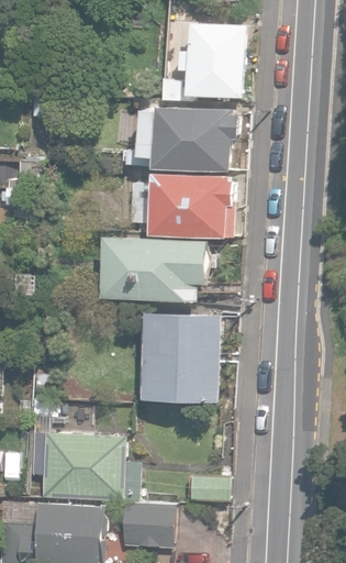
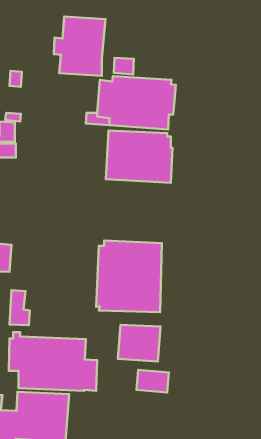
building: [179,23,244,98] -> [54,16,105,76]
building: [100,235,207,302] -> none
building: [120,503,174,549] -> [118,325,161,362]

